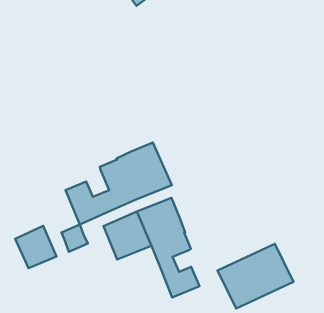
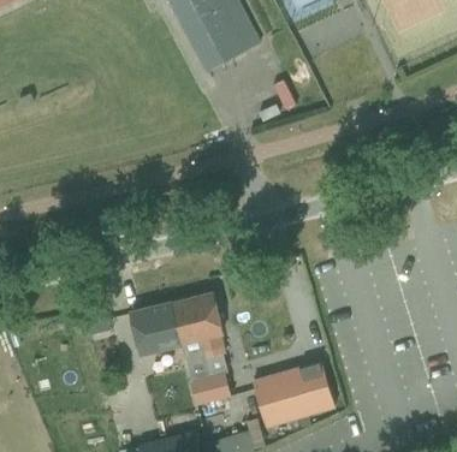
building: [65,142,172,225] -> none
building: [15,226,56,268] -> none

